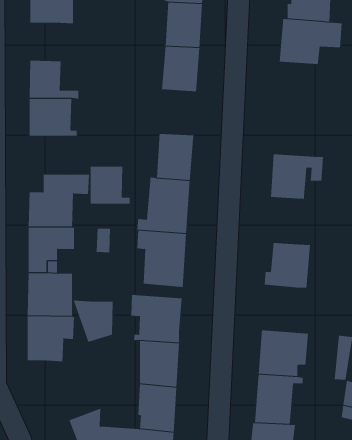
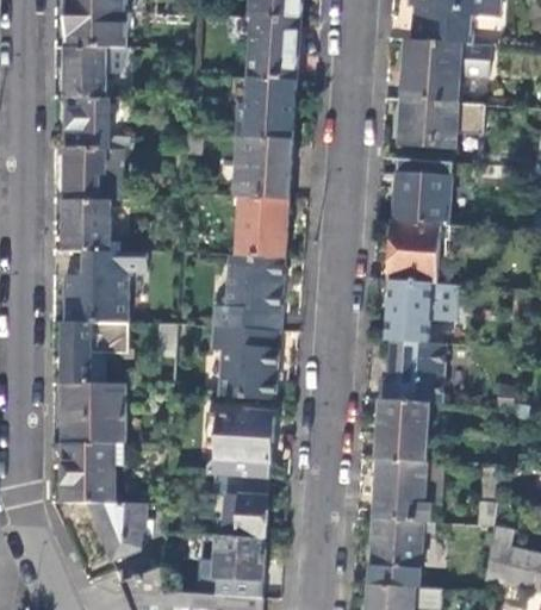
building: none -> [66,45,124,97]
building: none -> [399,98,483,148]
building: none -> [234,135,291,197]
building: none -> [393,173,452,225]
building: [90,166,130,204] -> [64,198,119,249]
building: none -> [385,280,458,343]
building: none -> [378,398,430,462]
building: [73,300,114,343] -> [88,500,143,558]

